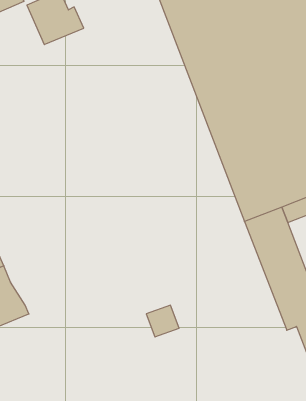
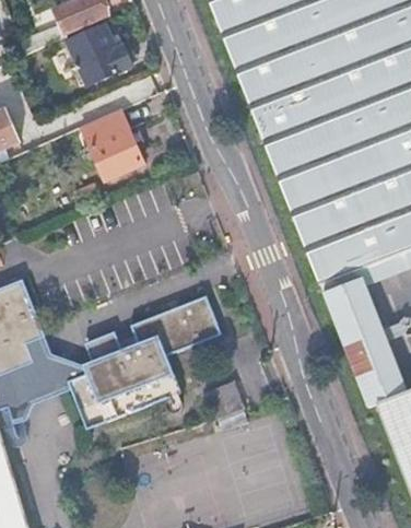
building: none -> [83,108,143,178]
building: none -> [68,295,221,430]

